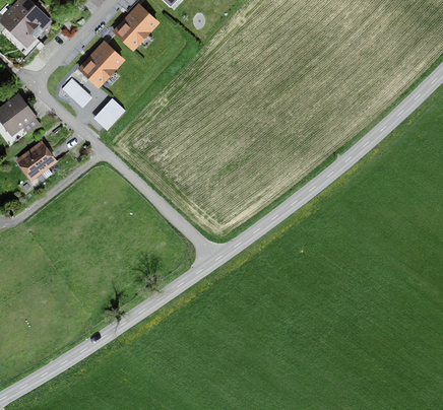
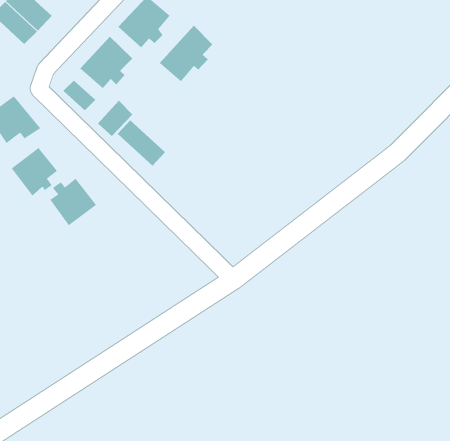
building: none -> [159,25,213,82]
building: none -> [117,120,166,167]
building: none -> [50,178,97,226]

